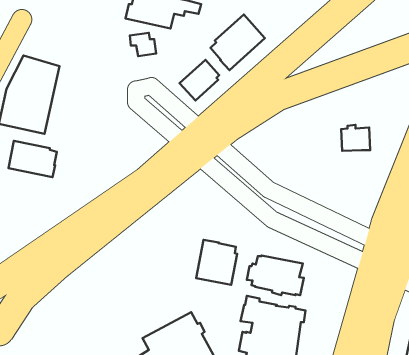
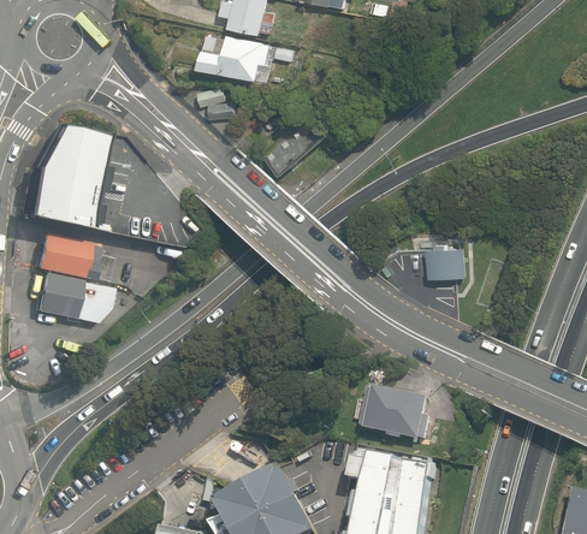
building: [210,15,265,70] -> none
building: [341,125,370,151] -> [428,244,467,279]
building: none -> [35,273,113,325]
building: [196,240,237,285] -> none

